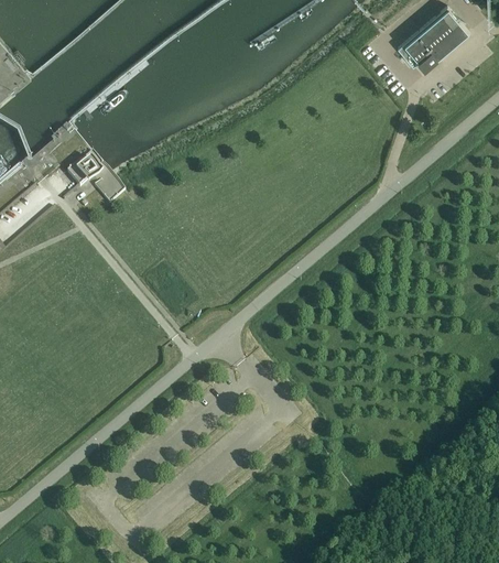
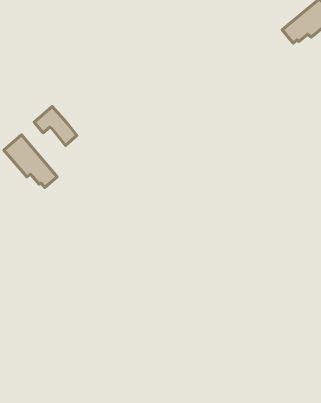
building: none -> [4,135,57,188]

